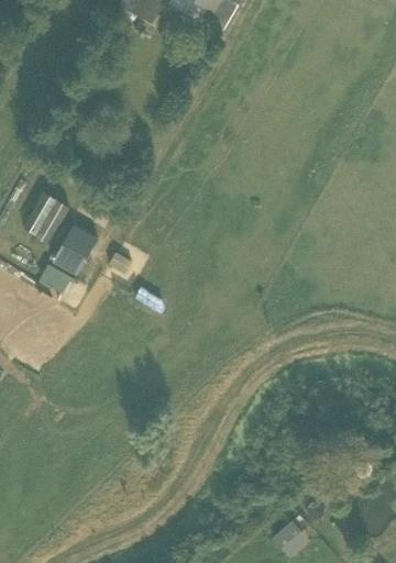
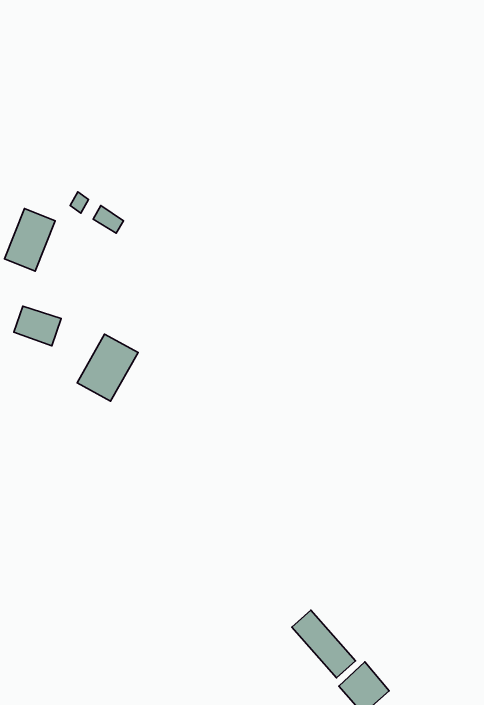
building: [53,225,97,274] -> [77,334,138,401]
building: none -> [292,610,356,678]

